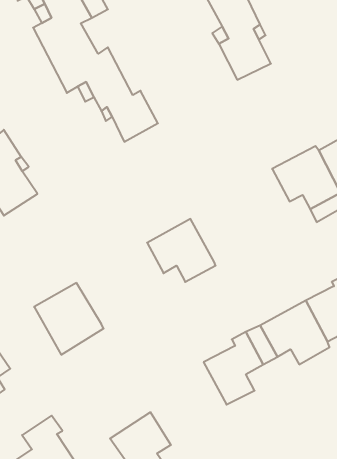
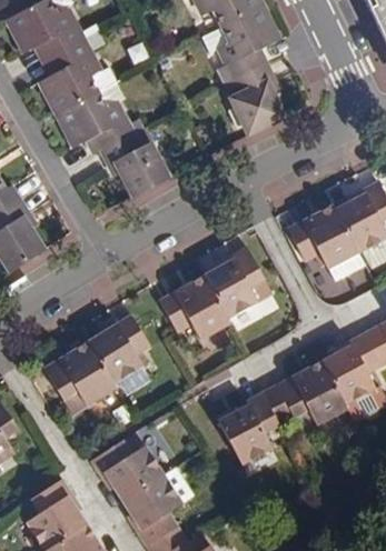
building: none -> [202,247,265,321]
building: none -> [86,317,148,384]
building: none -> [88,441,161,501]

